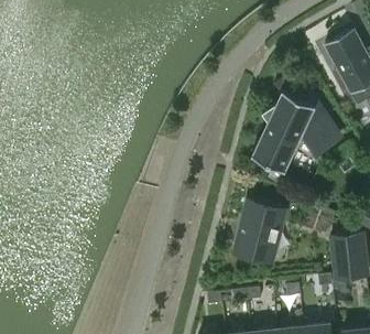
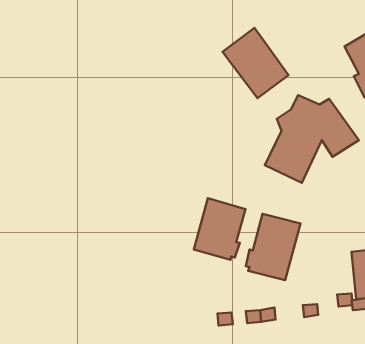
building: none -> [222,28,289,98]
building: none -> [194,198,245,260]

